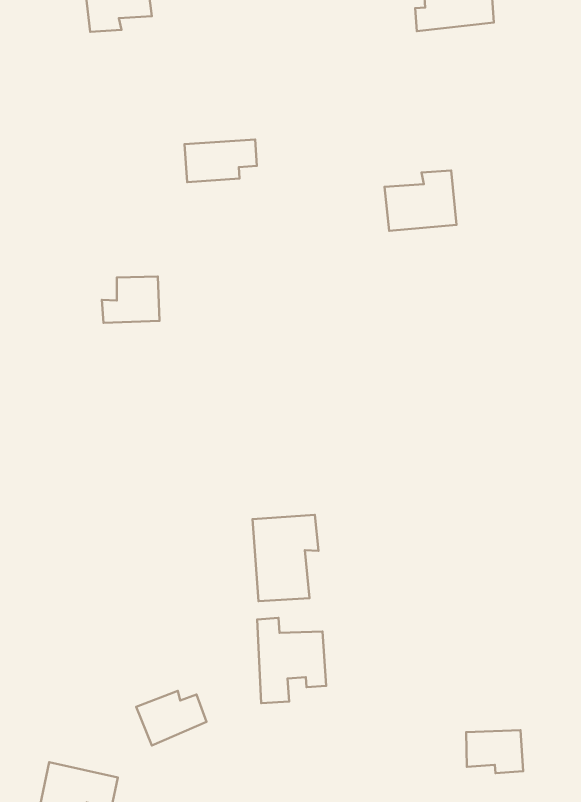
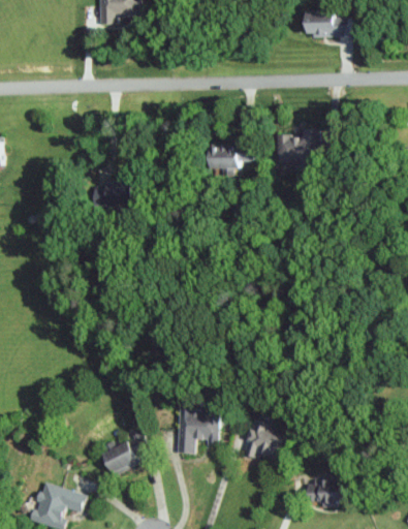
building: [184,140,257,182] -> [210,144,254,167]
building: [253,515,318,601] -> none
building: none -> [247,417,282,461]

